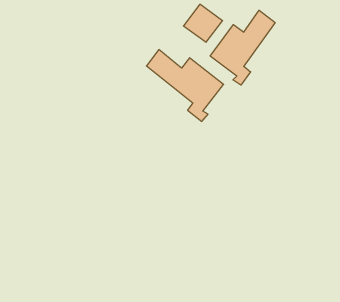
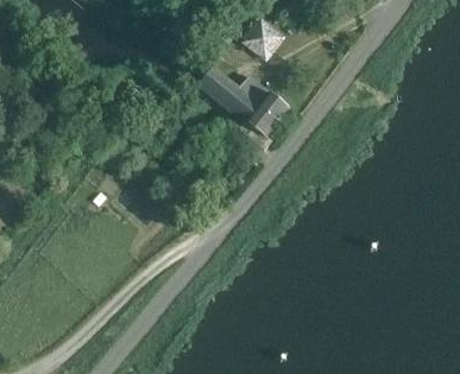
building: [210,10,275,85] -> none

